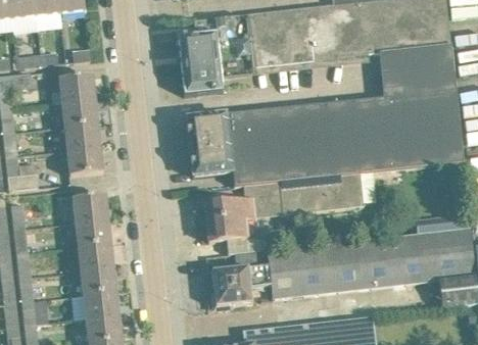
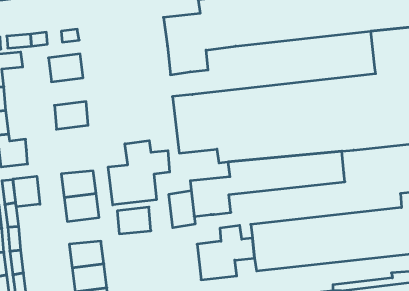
building: [61,98,97,127] -> none
building: [66,147,102,175] -> none
building: none -> [108,141,170,205]
building: none -> [13,176,40,207]
building: none -> [169,191,195,228]
building: [78,242,112,269] -> [117,207,151,234]

